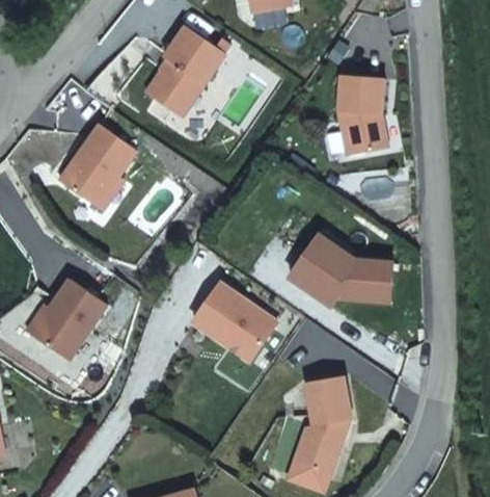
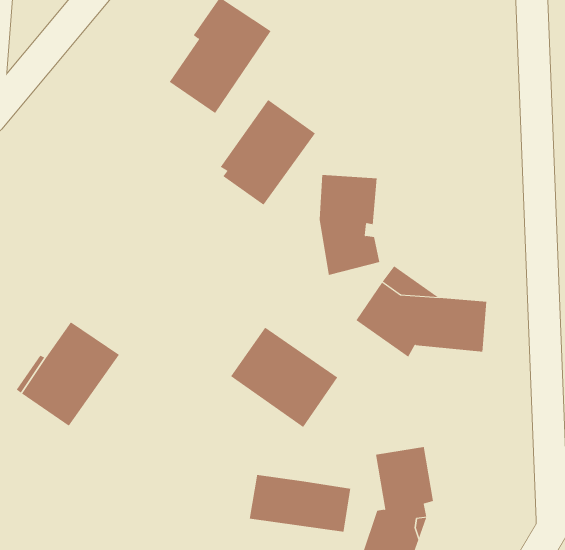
building: [338,75,386,154] -> [319,174,380,276]
building: [61,123,136,206] -> [220,99,316,206]
building: none -> [249,474,351,533]

